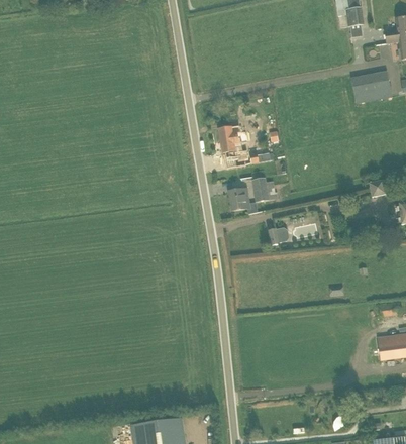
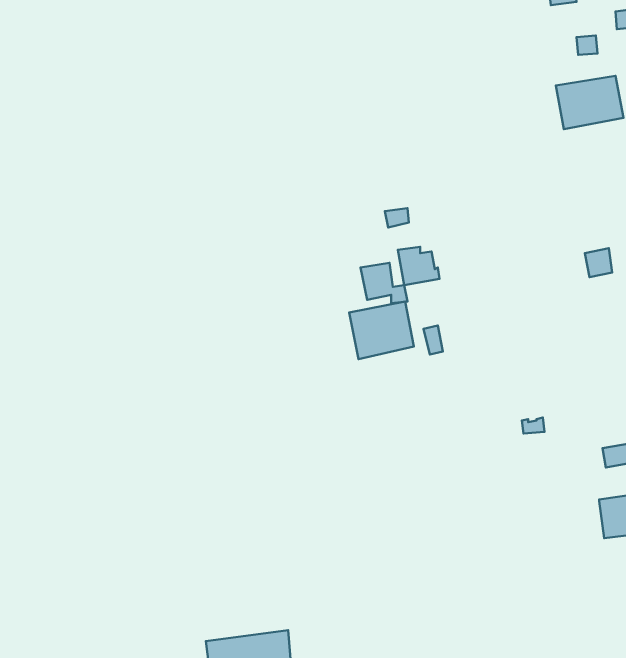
building: [218,125,240,151] -> none
building: none -> [349,302,414,359]

